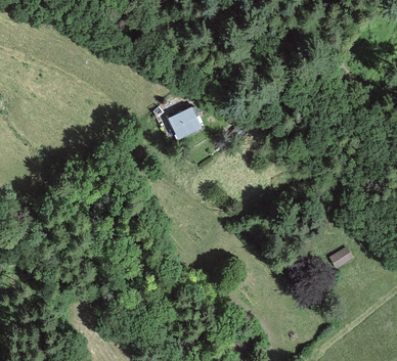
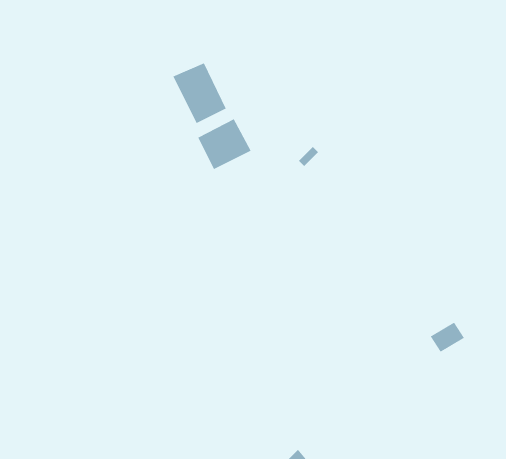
building: none -> [173,62,227,124]

